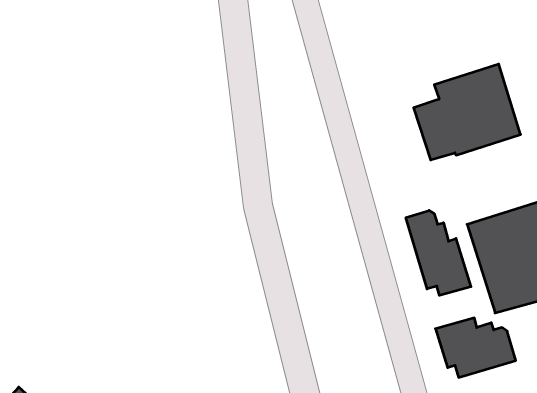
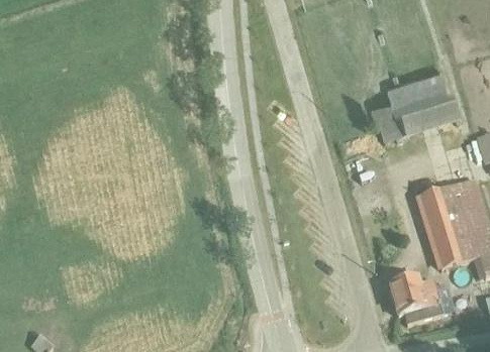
building: [406,210,471,295] -> none

